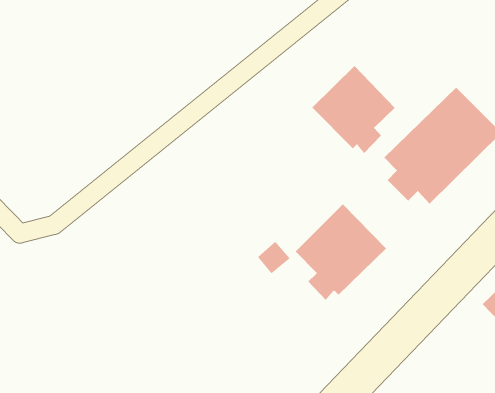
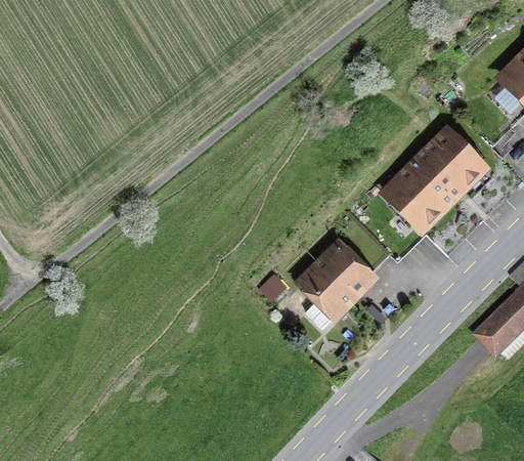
building: [312,65,396,154] -> none

